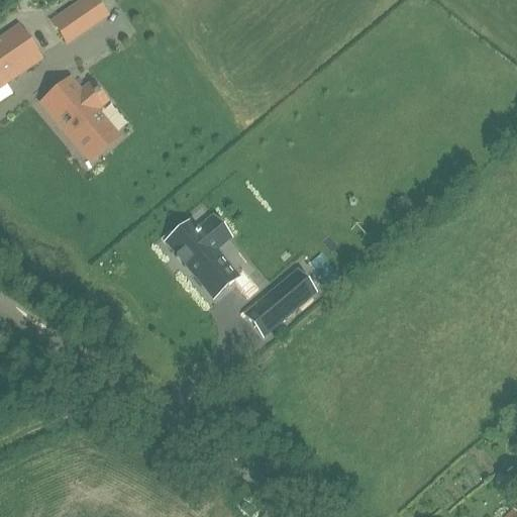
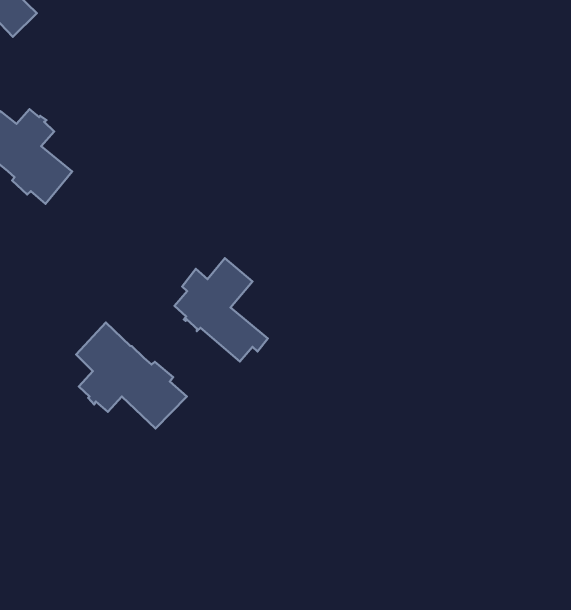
building: none -> [76,322,187,428]
building: [245,271,314,333] -> none

